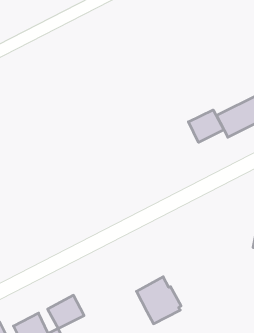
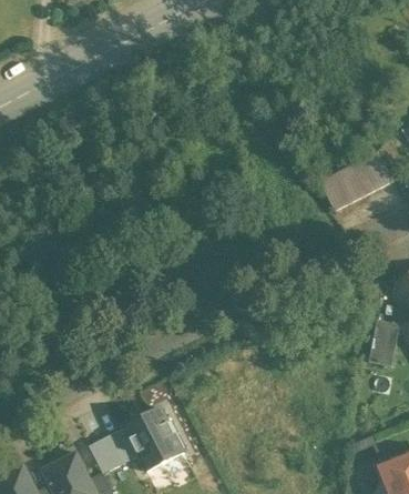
building: [188,110,224,142] -> none
building: [136,277,181,324] -> [124,406,185,471]

